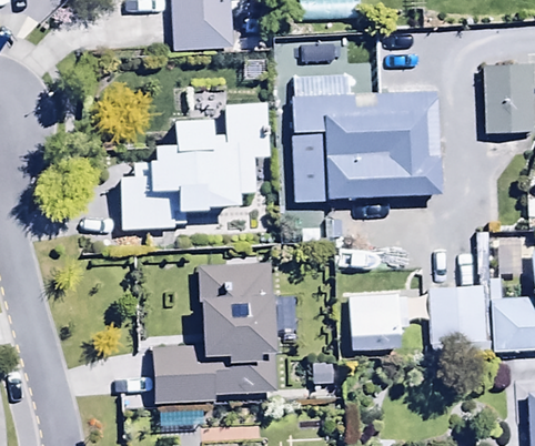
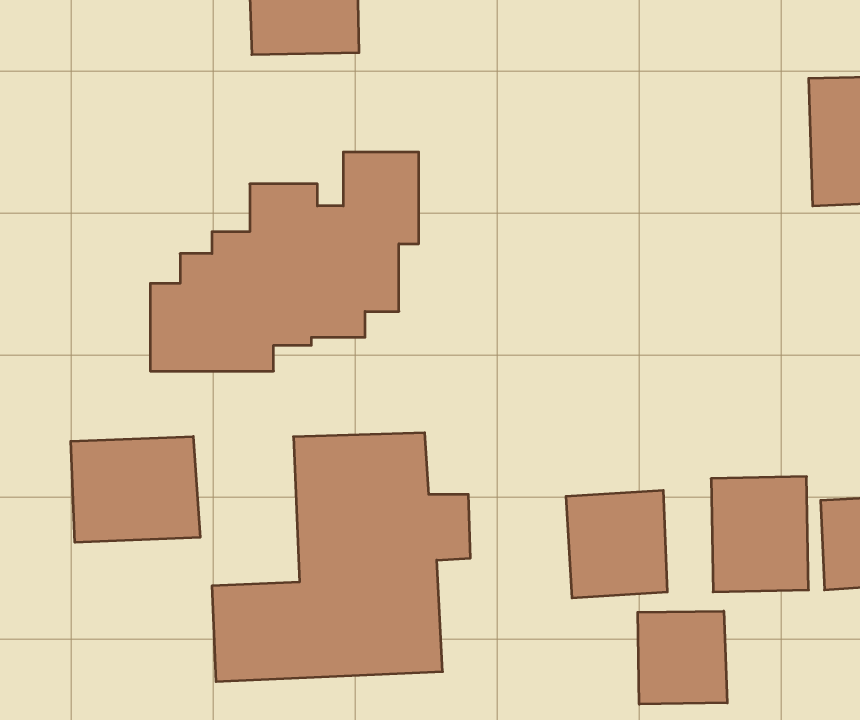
building: [292,93,442,200] -> none
building: none -> [71,436,200,542]
building: none -> [638,611,727,704]

